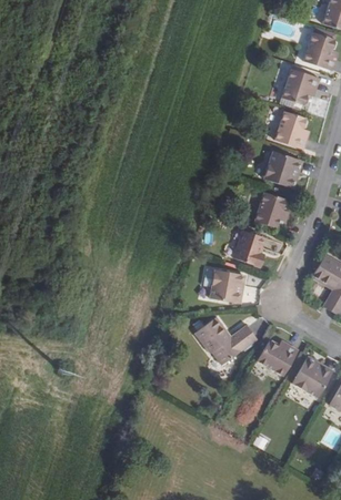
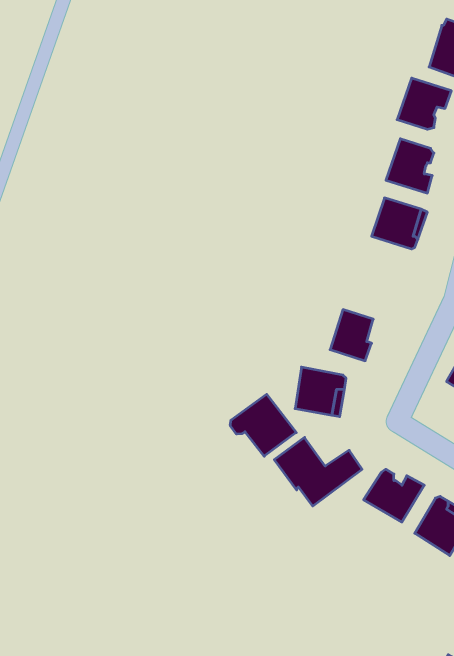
building: [251,190,284,228] -> none
building: none -> [230,394,296,456]

